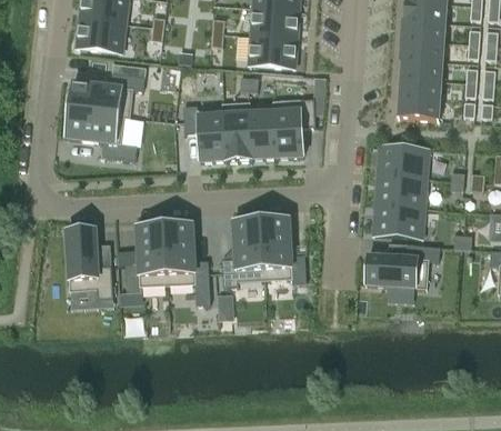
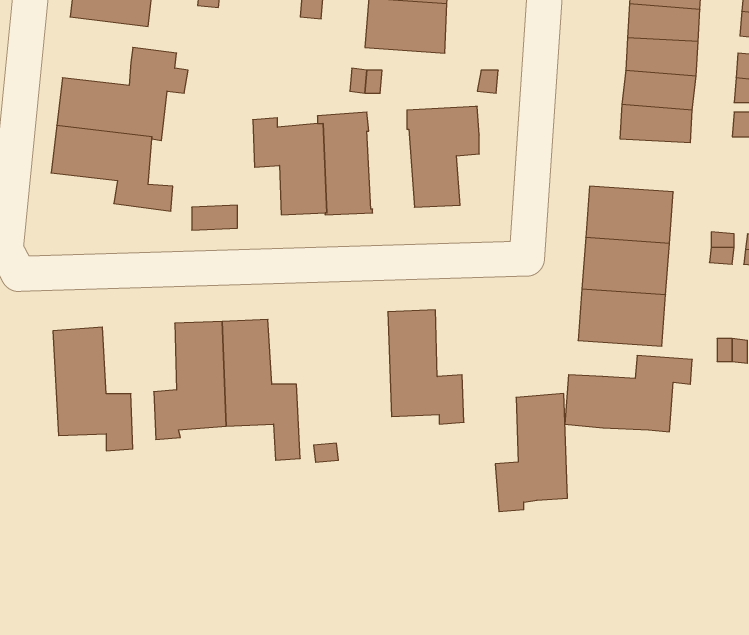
building: [249,111,277,158] -> none
building: [221,218,263,287] -> [495,394,567,512]

